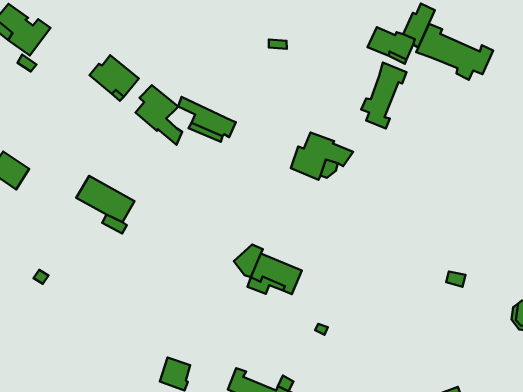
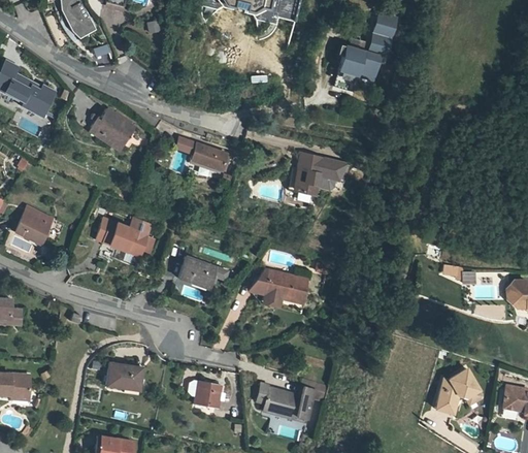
building: [416,24,493,80] -> none
building: [361,63,406,128] -> none
building: [136,85,182,145] -> none
building: none -> [179,260,216,290]
building: none -> [106,363,143,388]

